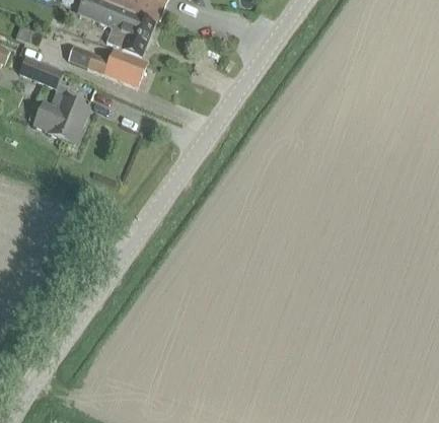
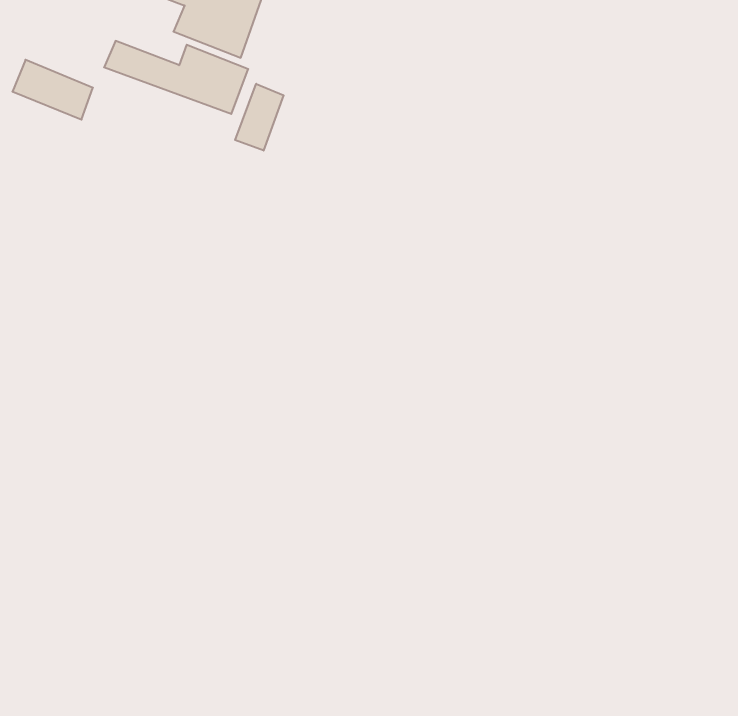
building: none -> [235,84,284,151]
building: [32,93,88,142] -> none

